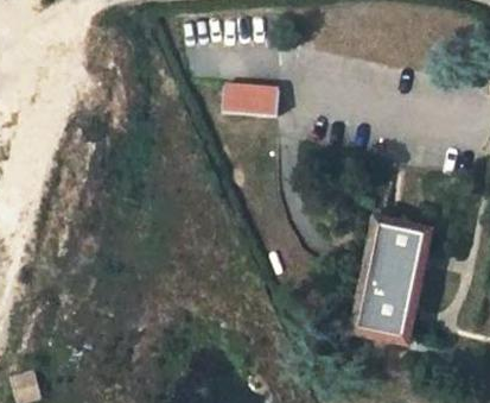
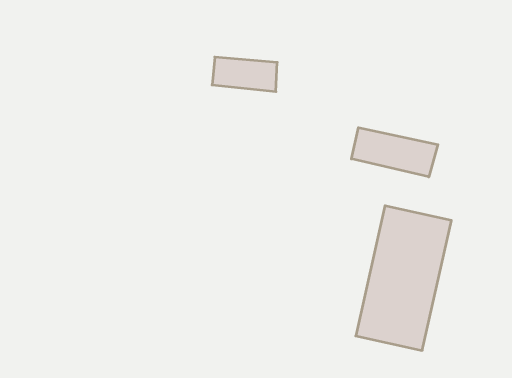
building: none -> [351,128,438,177]

